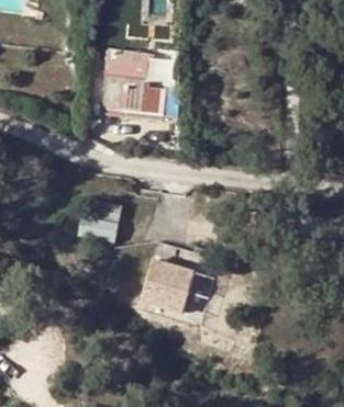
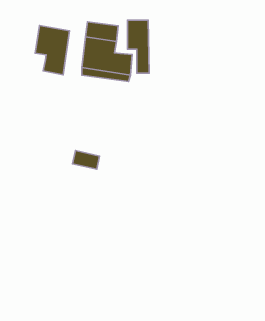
building: none -> [35,25,70,75]
building: [146,260,195,312] -> none

